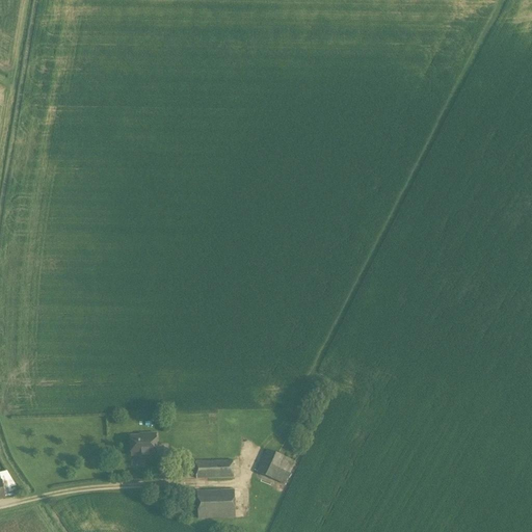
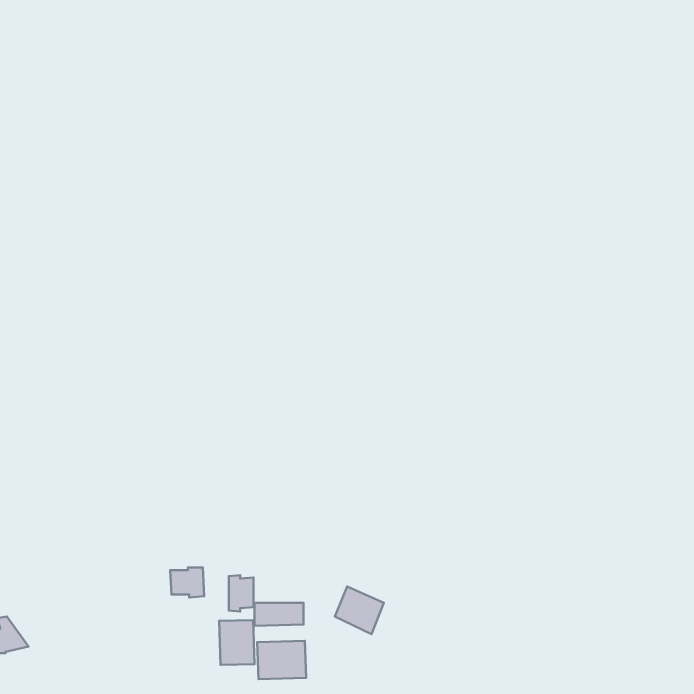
building: none -> [229,575,254,611]
building: none -> [219,620,255,665]

